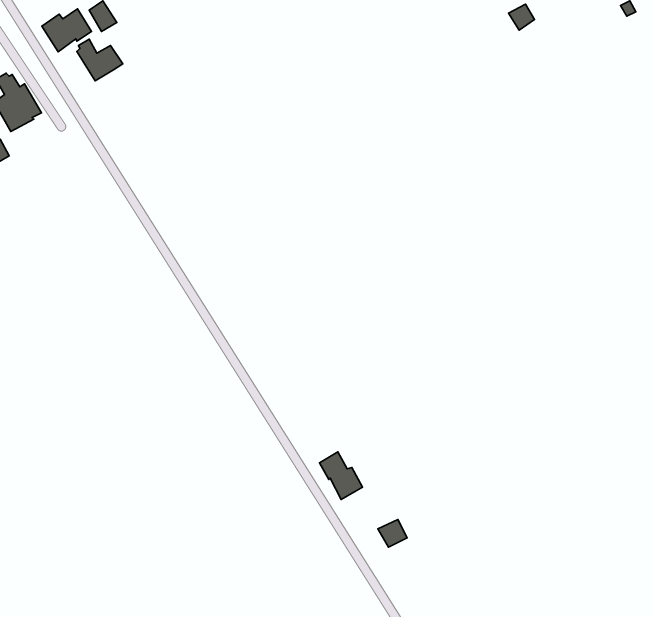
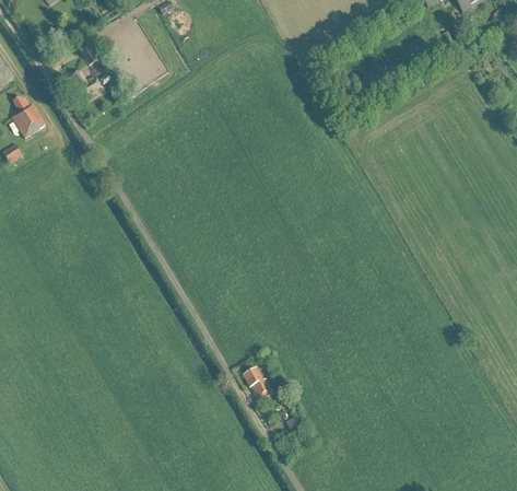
building: [42,9,92,52] -> none

